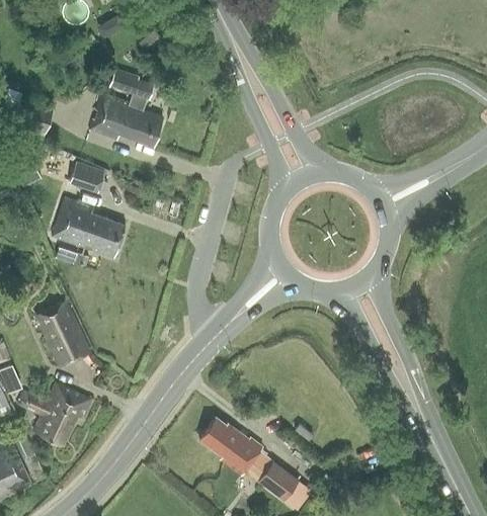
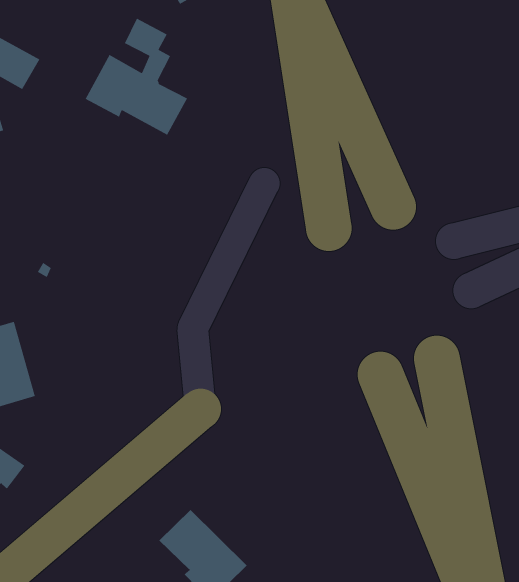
building: [69,161,103,190] -> none
building: [51,197,125,259] -> none

